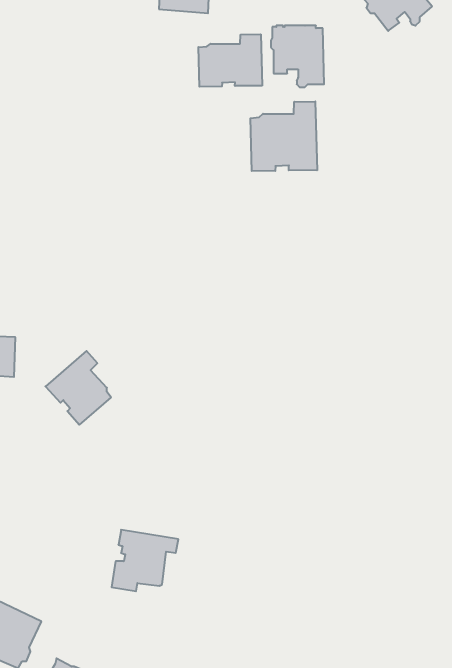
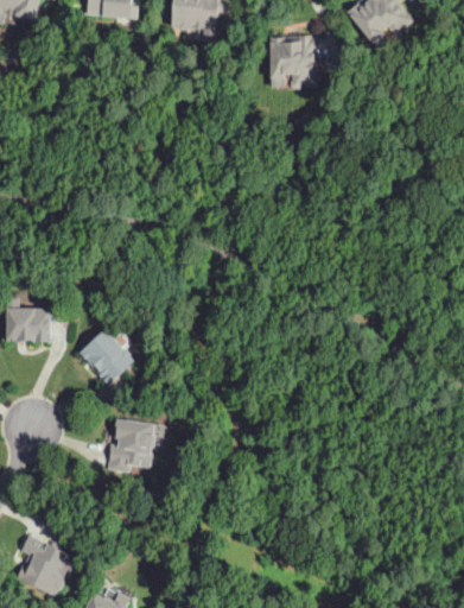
building: [198,34,262,87] -> none
building: [250,101,317,171] -> none
building: [112,530,178,591] -> [106,418,164,471]

